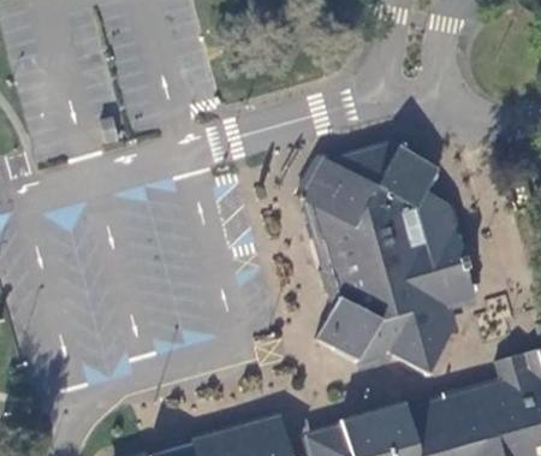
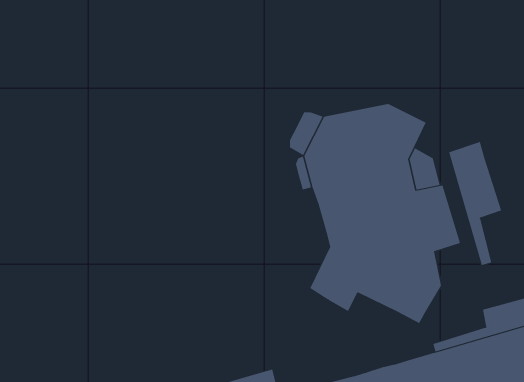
building: none -> [449,141,502,266]

